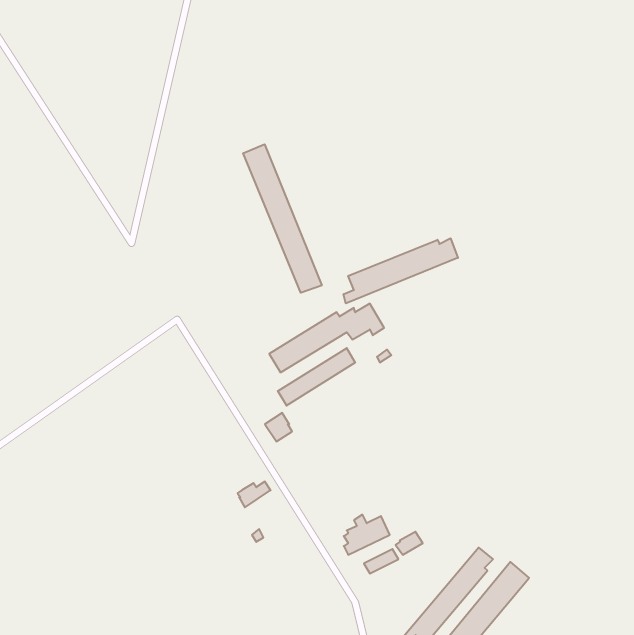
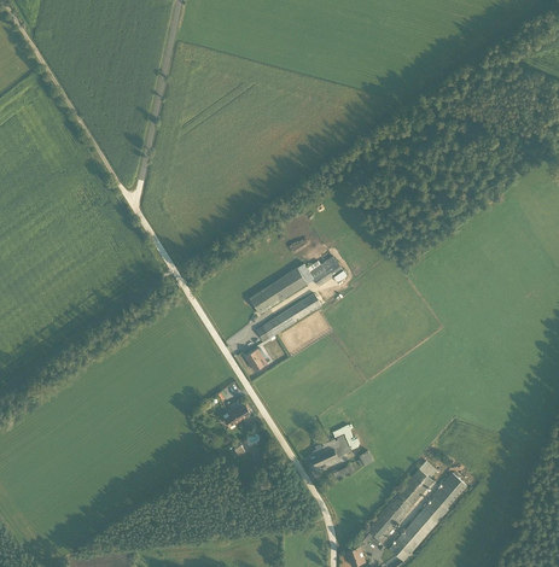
building: [243,144,322,293] -> none
building: [344,238,458,303] -> none

